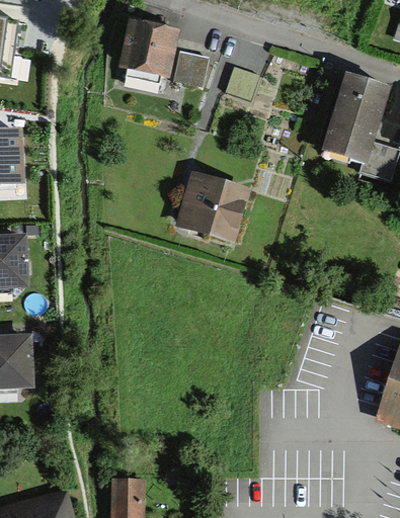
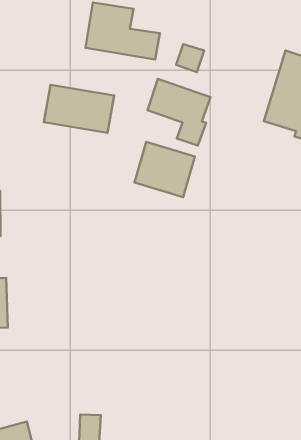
building: none -> [147,79,210,145]
building: none -> [44,85,114,133]

